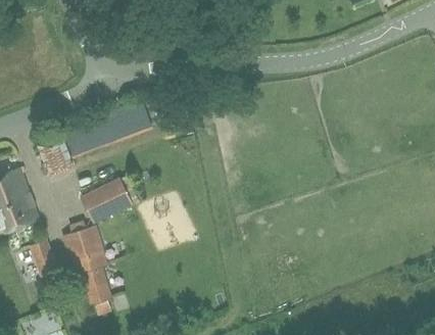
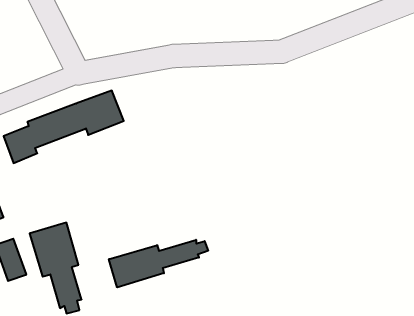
building: [82,178,133,222] -> none
building: none -> [109,240,208,287]

